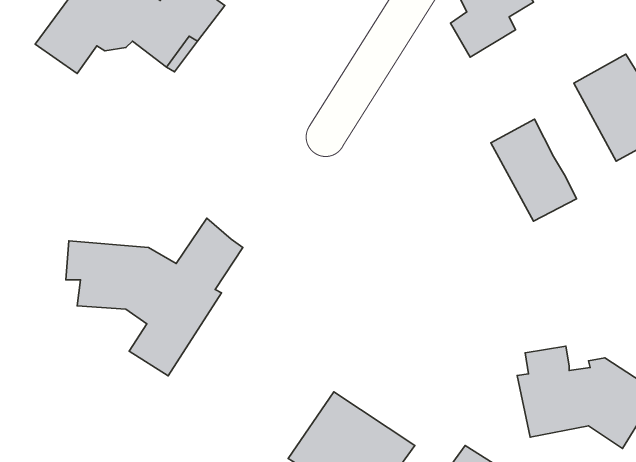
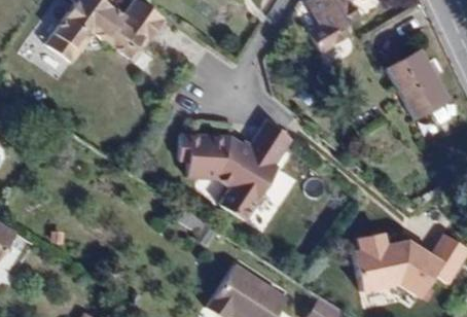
building: [491,119,577,221] -> none
building: [66,218,243,376] -> [179,119,291,219]

